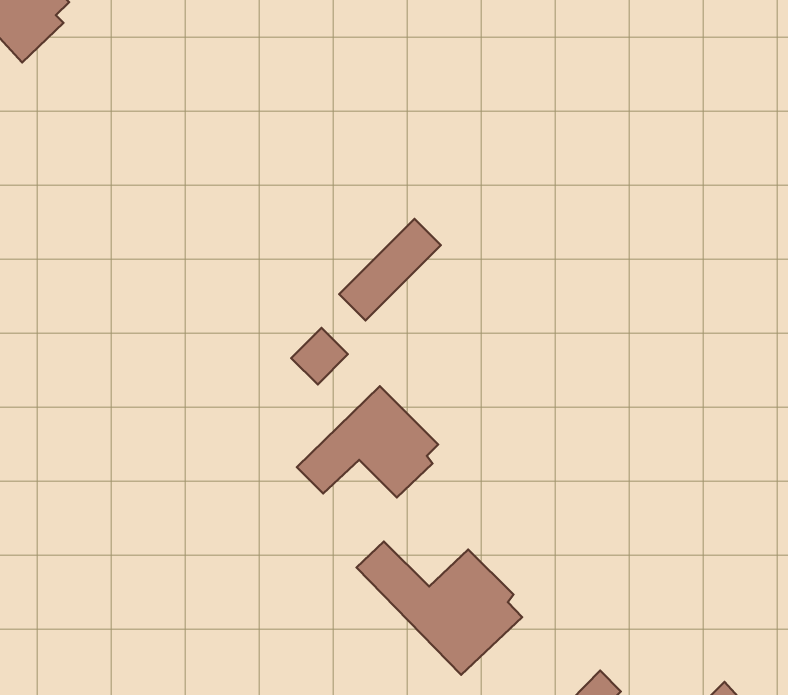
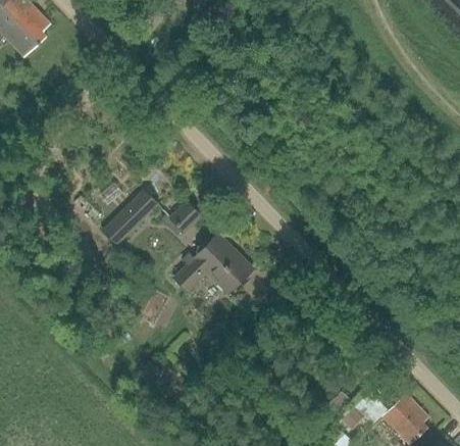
building: [339,219,441,320] -> [103,189,158,244]
building: [357,542,522,675] -> none

